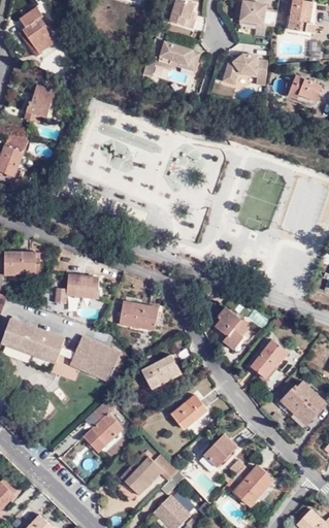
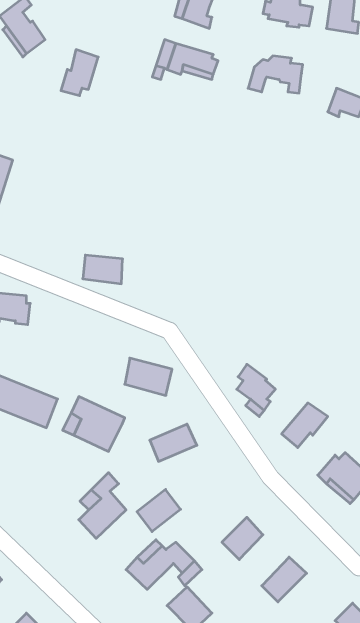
building: [24,82,55,121] -> [61,50,98,96]
building: [68,275,101,299] -> [83,255,123,284]
building: [168,395,204,430] -> [137,489,181,532]

